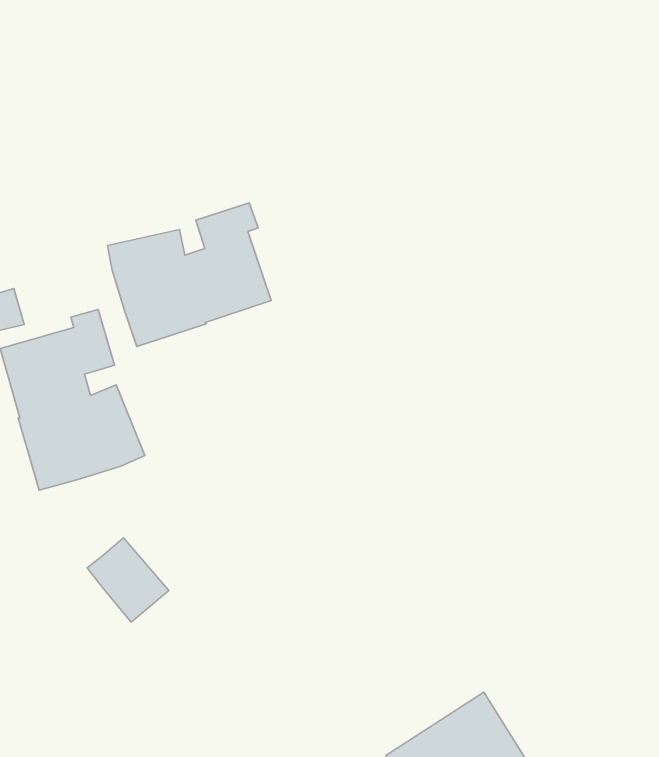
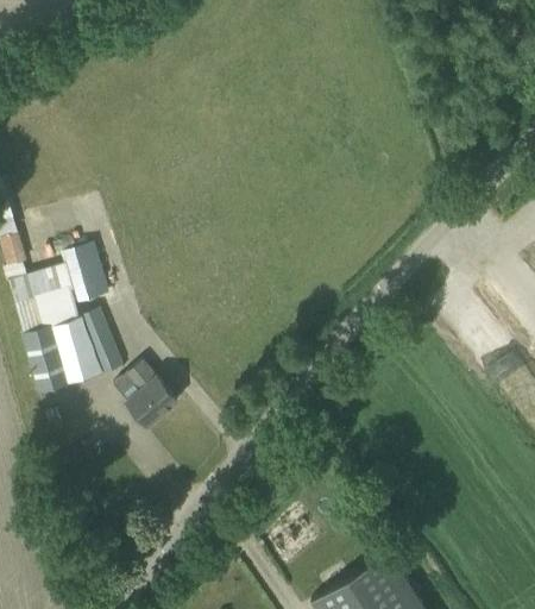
building: [107,203,271,347] -> none
building: [87,538,169,622] -> [114,360,178,427]

